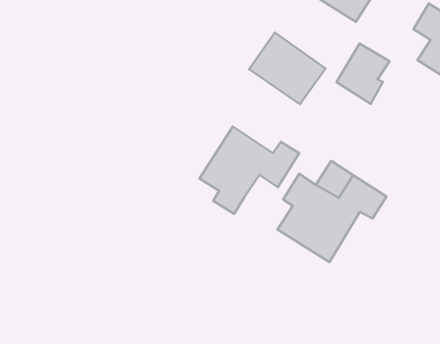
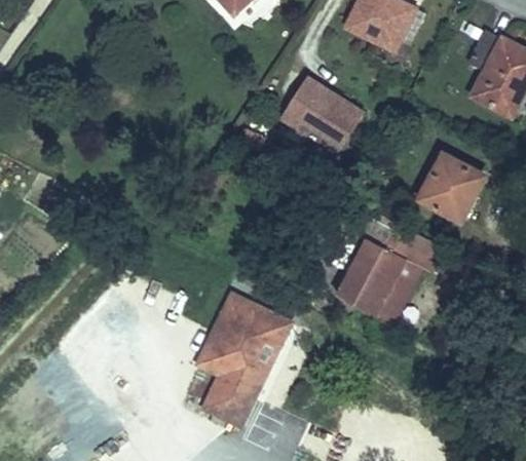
building: [336,43,389,104] -> [424,154,481,220]
building: [200,127,299,214] -> none
building: none -> [194,289,286,417]

